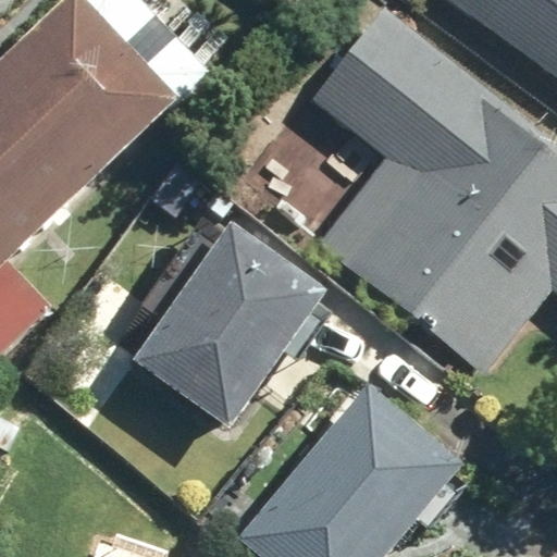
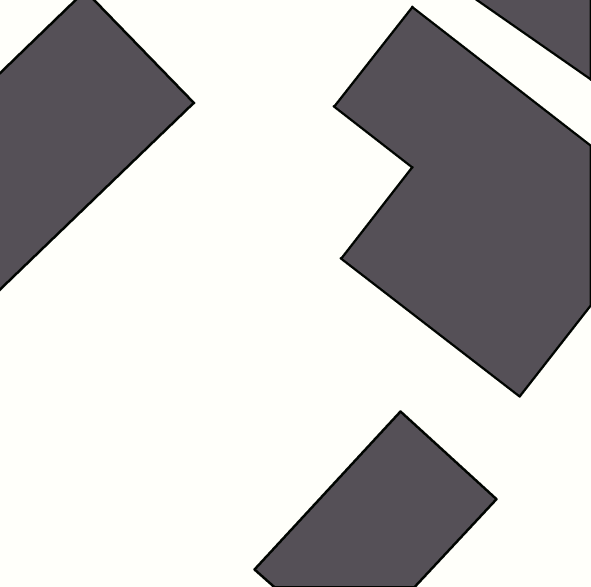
building: [133,223,332,431] -> none

